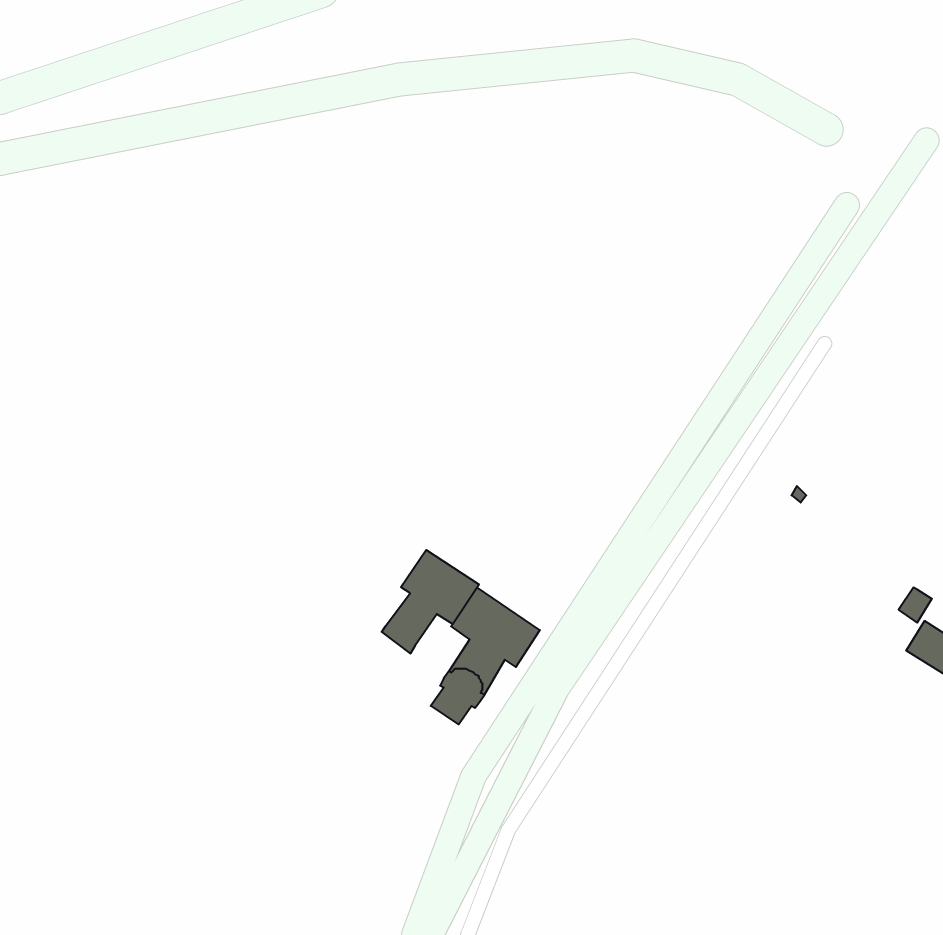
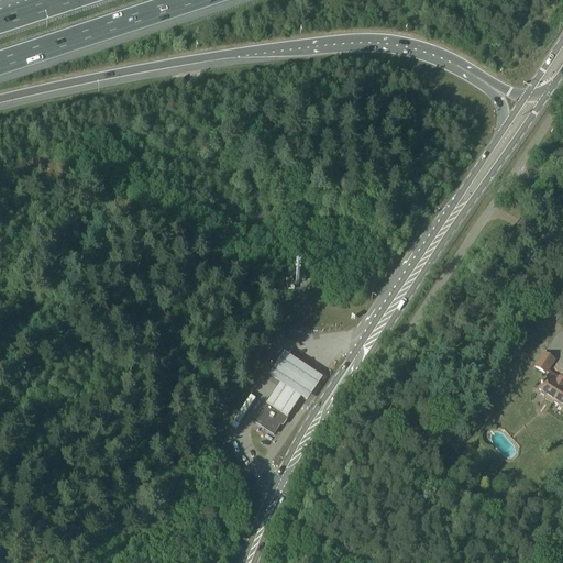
building: [382,550,479,654] -> none

